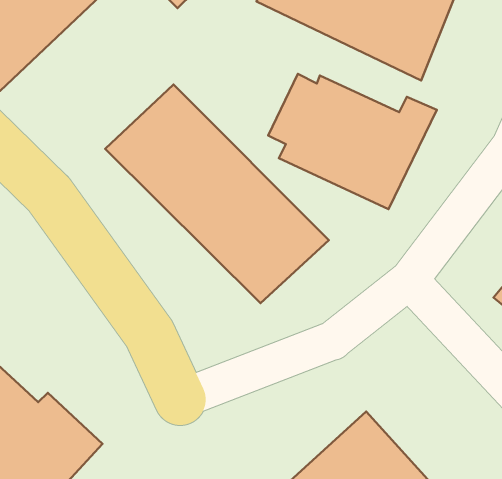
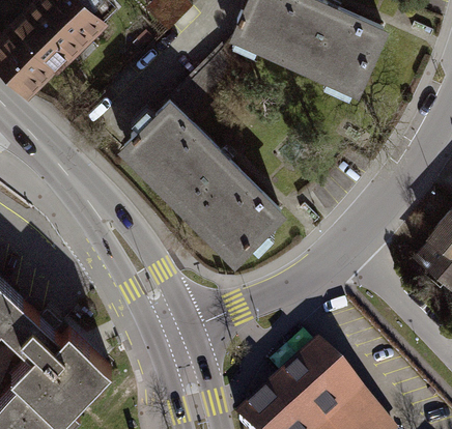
building: [268,74,437,209] -> none

